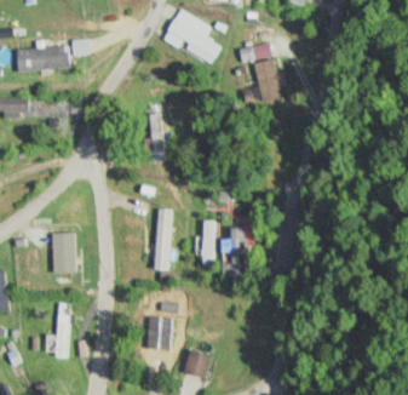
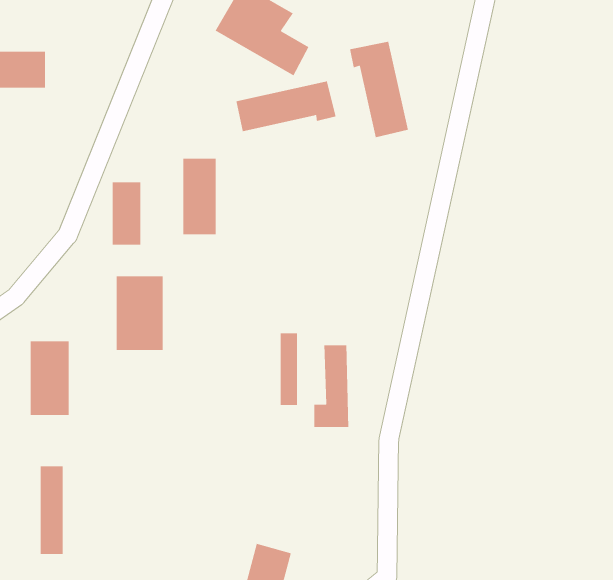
building: none -> [236,80,336,132]
building: none -> [112,181,141,245]
building: [146,219,176,265] -> [116,275,164,351]
building: [151,308,177,348] -> none

